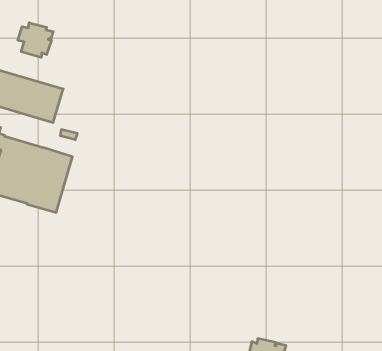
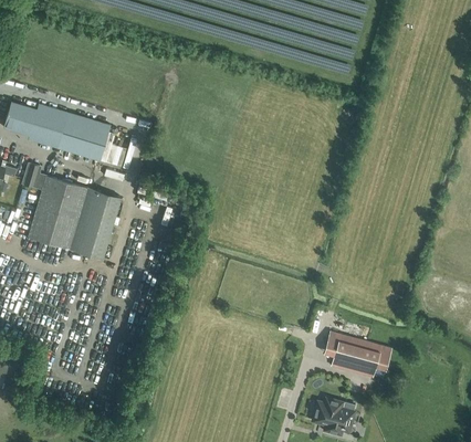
building: [18,23,53,57] -> none
building: none -> [324,332,391,377]

